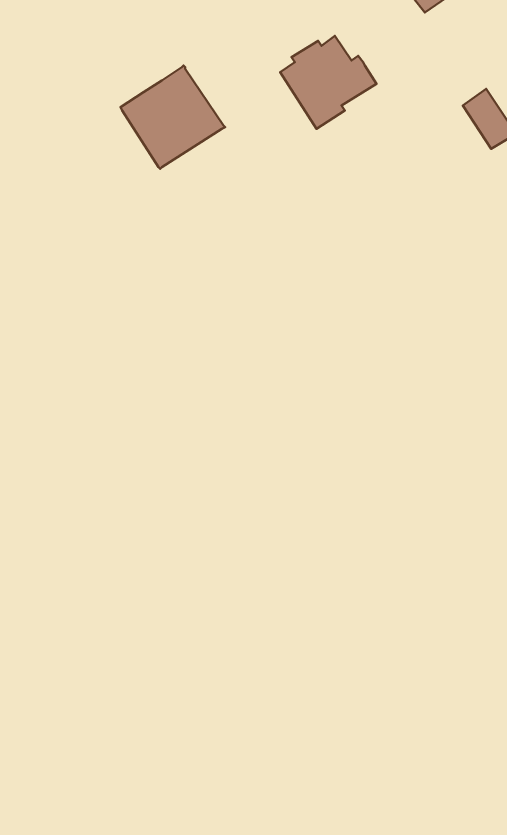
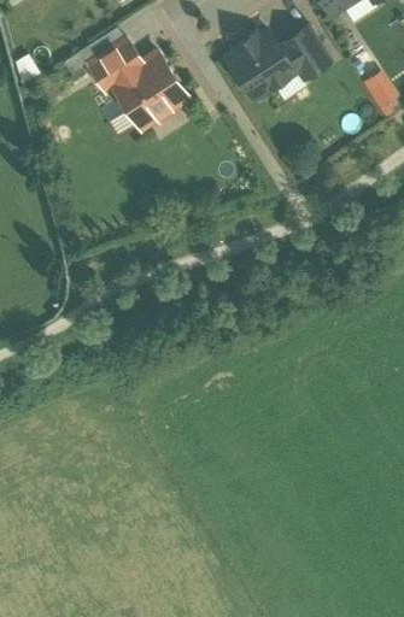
building: none -> [285,30,330,80]
building: none -> [90,41,144,92]

